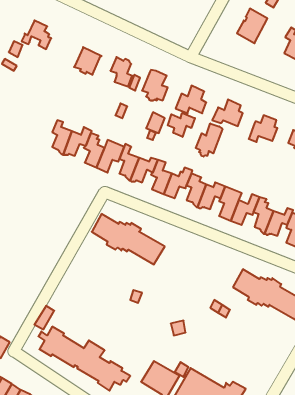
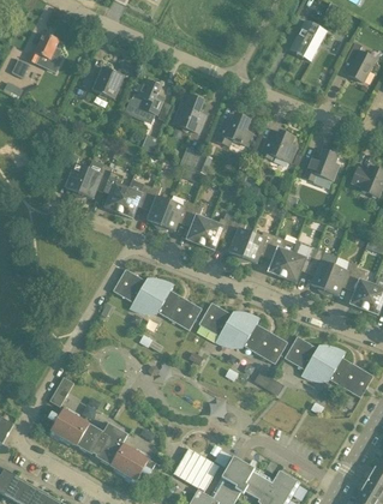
building: [168,113,195,137] -> none
building: [196,123,222,157] -> none
building: none -> [198,302,287,364]

